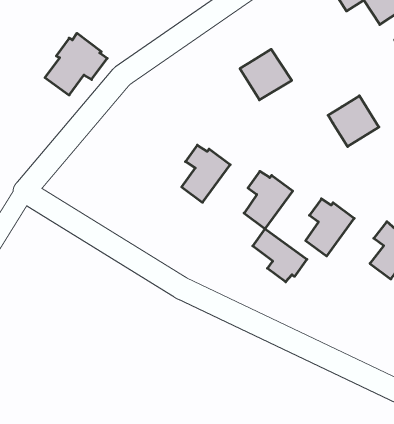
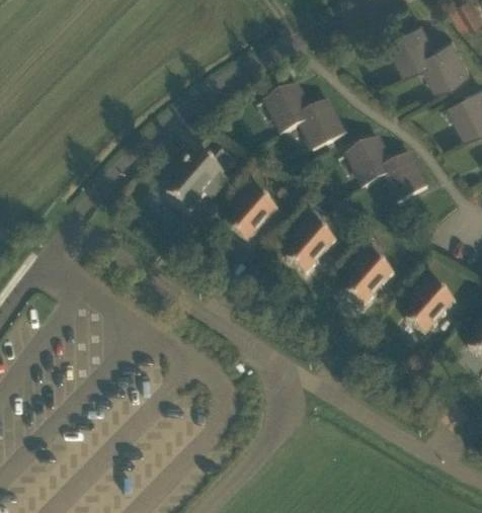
building: [45,33,107,95] -> [165,152,228,211]
building: none -> [263,83,309,133]
building: none -> [345,137,391,186]
building: [253,229,307,282] -> none

